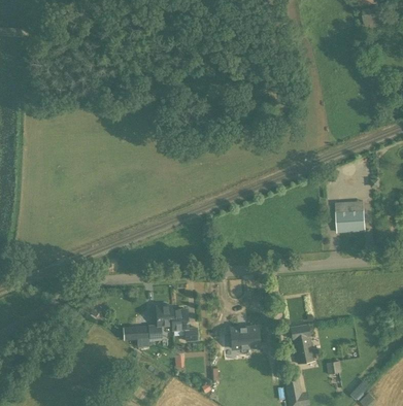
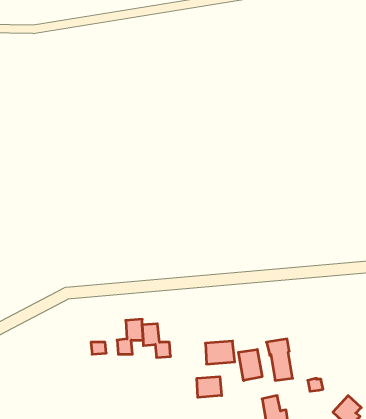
building: [335,201,365,233] -> none
building: none -> [238,349,262,381]
building: none -> [197,377,222,397]

